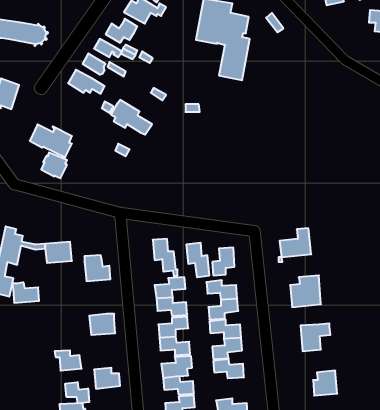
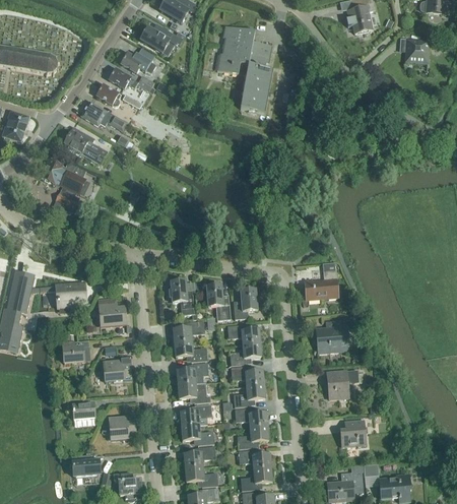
building: [111,100,152,135] -> [64,127,108,164]
building: [12,283,39,303] -> [62,341,90,363]
building: none -> [237,427,268,449]
building: [65,382,89,403] -> none

